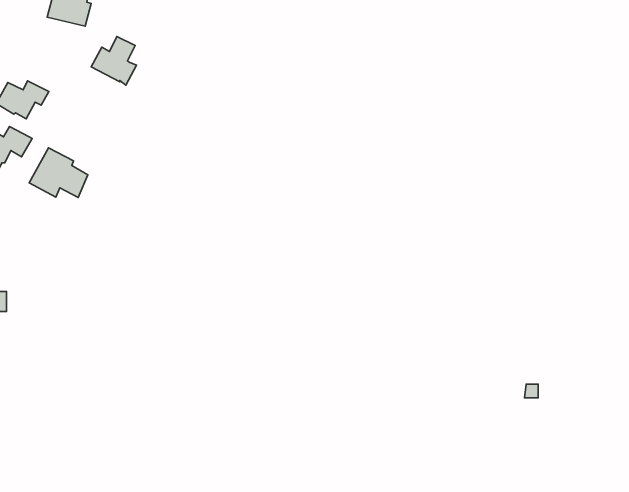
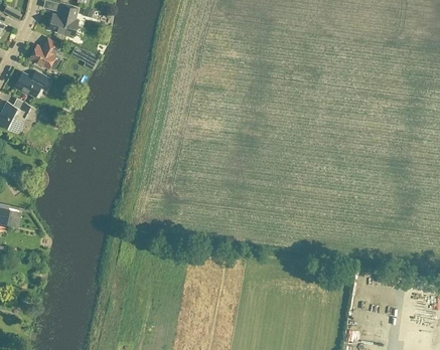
building: [91,36,137,85] -> [28,39,58,71]
building: [29,148,88,197] -> none

